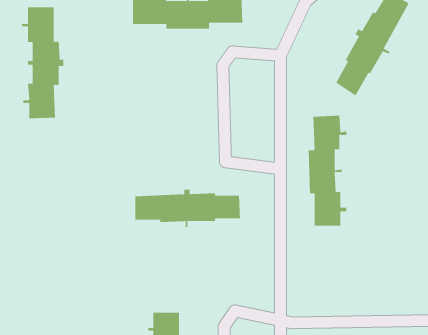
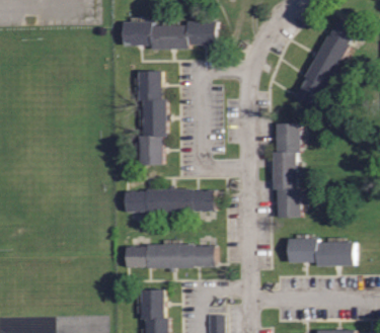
building: [21,7,64,119] -> [133,70,169,165]
building: none -> [288,234,354,266]
building: none -> [126,239,215,268]

